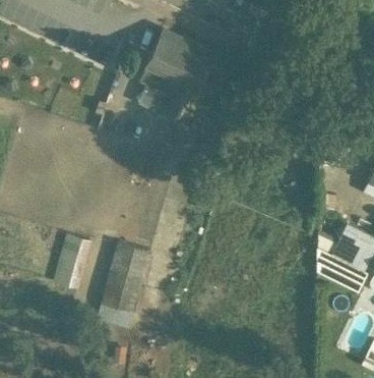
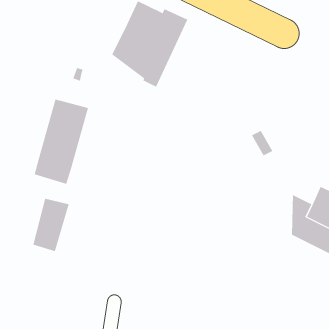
building: [97,239,152,327] -> [34,99,89,185]

